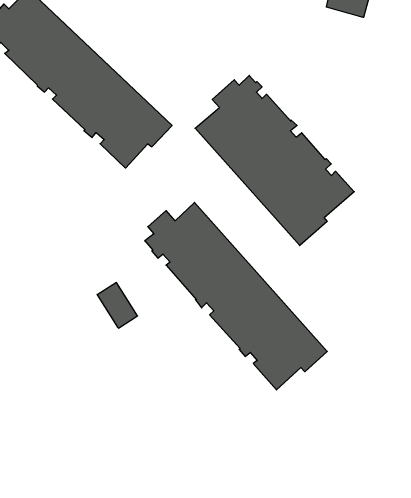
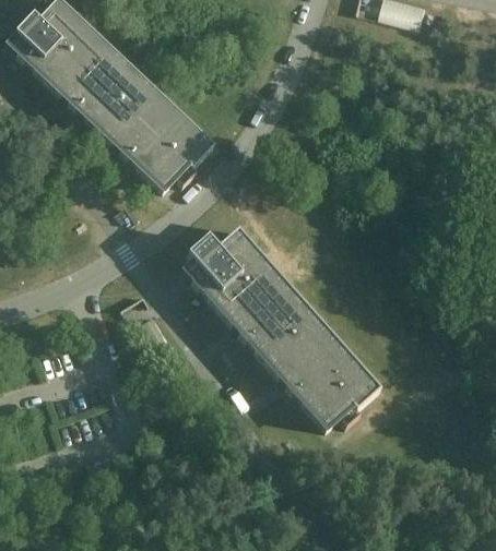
building: [195,75,354,246] -> none

